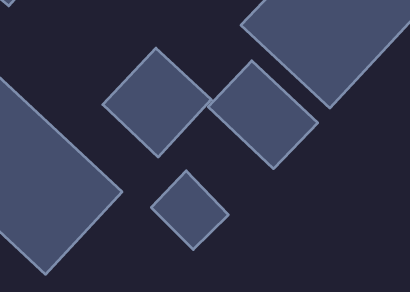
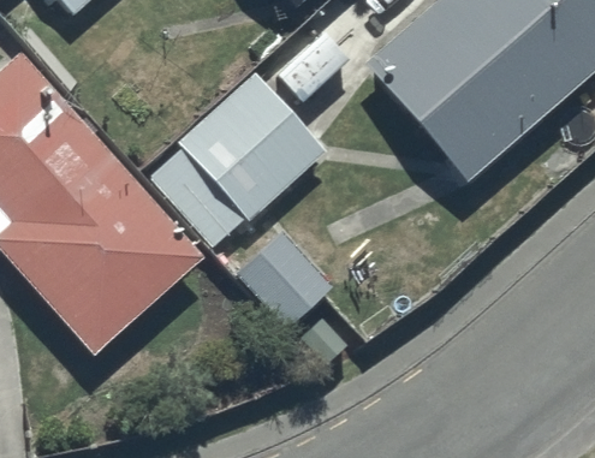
building: [208,61,318,169] -> none

